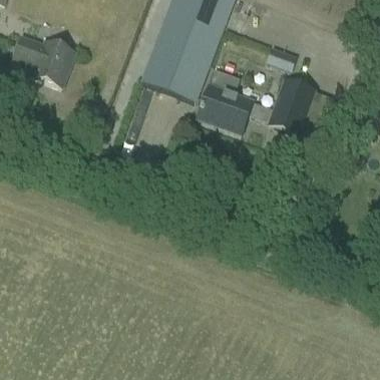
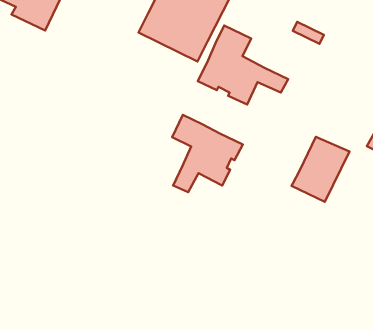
building: [268,78,315,133] -> [291,137,350,202]
building: none -> [172,115,243,192]

